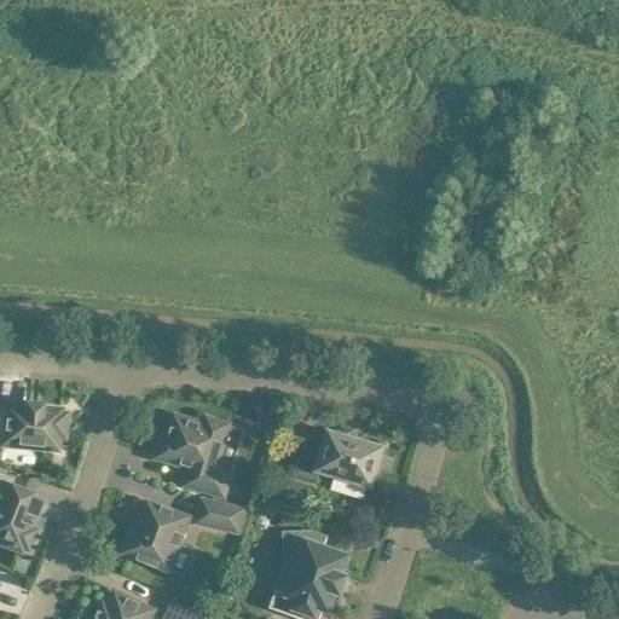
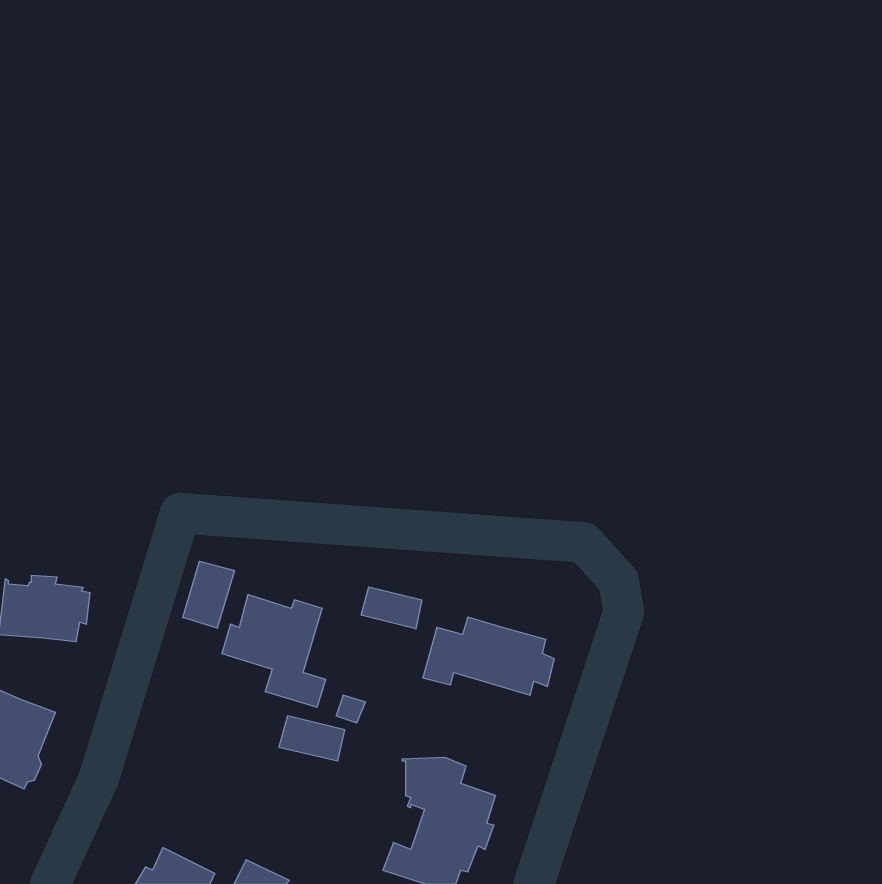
building: none -> [183,561,235,628]
building: none -> [361,587,422,629]
building: [121,502,186,568] -> none

